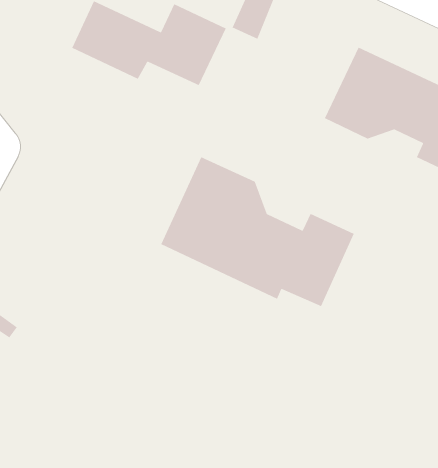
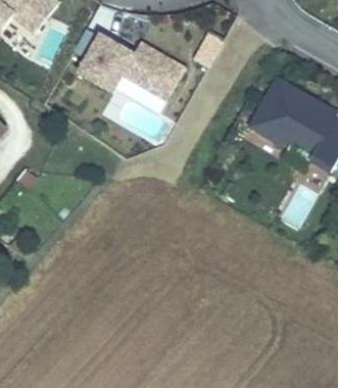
building: [160,156,355,307] -> none

